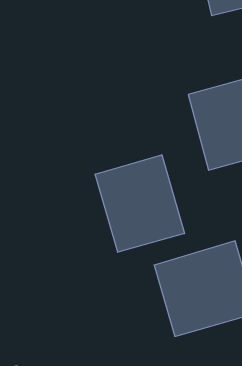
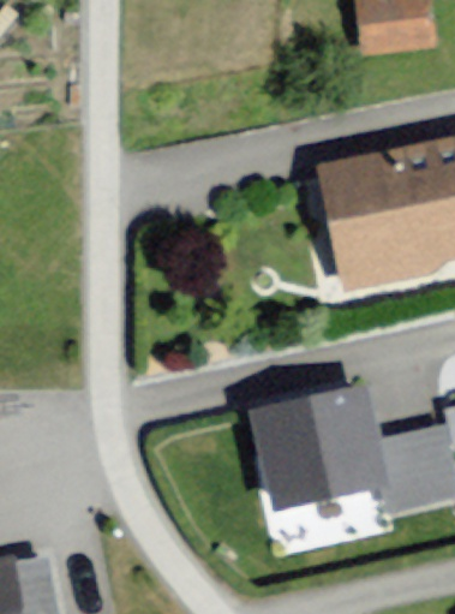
building: [95,155,185,252] -> none

